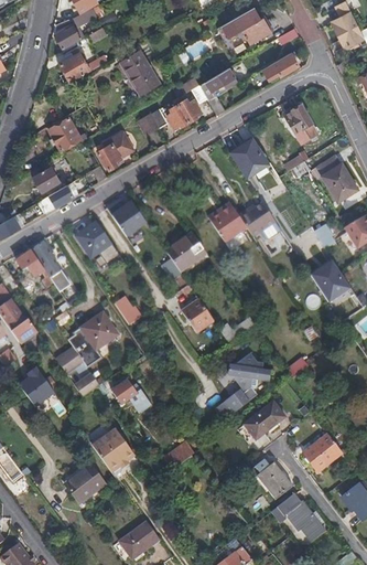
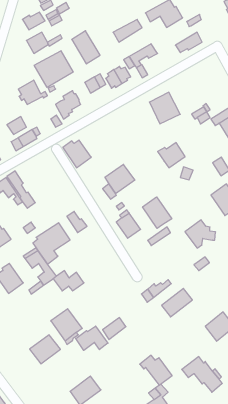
building: none -> [34,51,73,87]
building: [283,104,317,142] -> none
building: [207,202,246,242] -> none
building: [74,221,119,267] -> none
building: none -> [143,197,172,228]
building: [227,352,269,391] -> [185,220,216,248]
building: none -> [76,326,108,350]
building: [248,458,292,499] -> [140,355,172,385]

